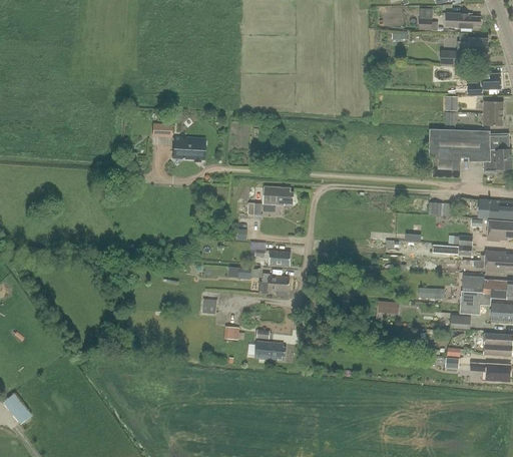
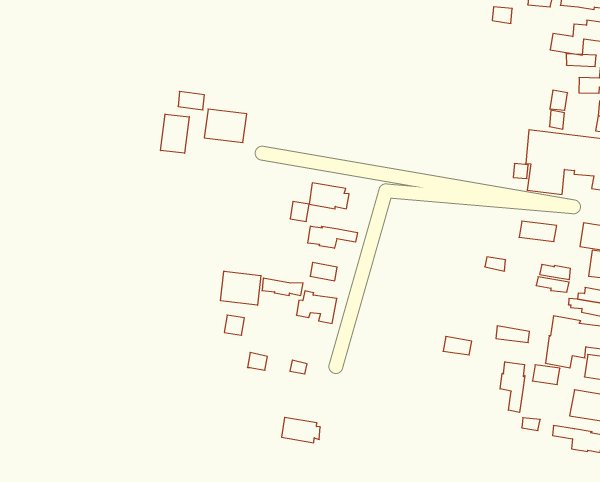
building: none -> [161,114,189,153]
building: none -> [308,226,358,248]
building: none -> [221,271,261,305]
building: none -> [500,362,525,412]
building: [251,341,282,359] -> [282,417,320,443]

